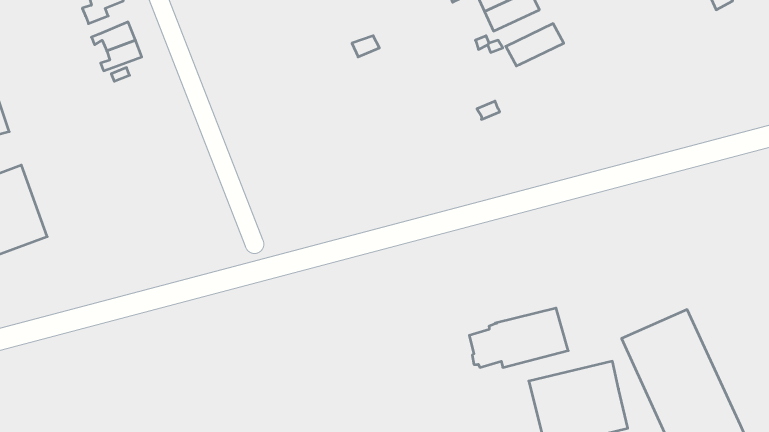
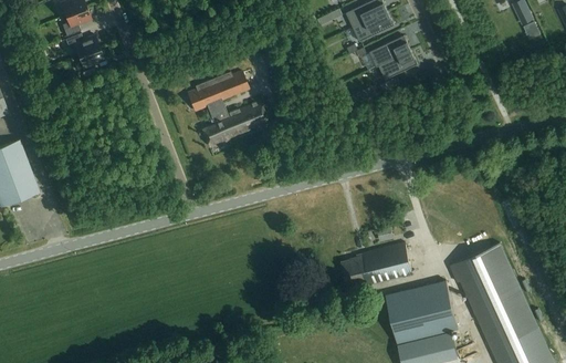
building: none -> [379,51,418,81]
building: none -> [188,72,269,147]

